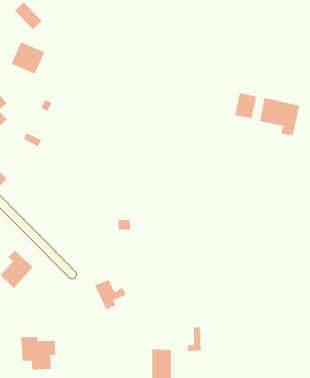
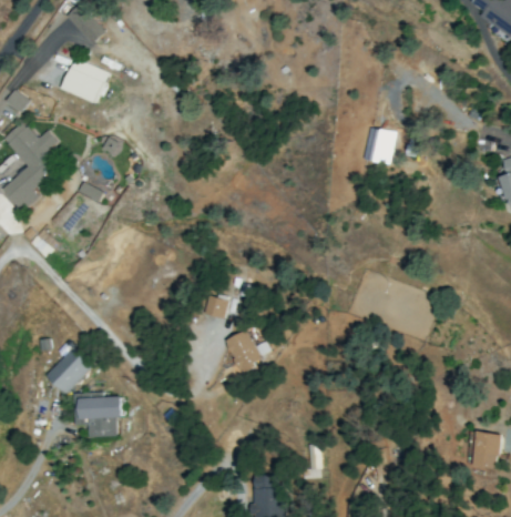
building: [259,97,300,136] -> none
building: [94,279,127,310] -> [227,331,272,373]
building: [20,336,56,370] -> [74,392,123,437]

